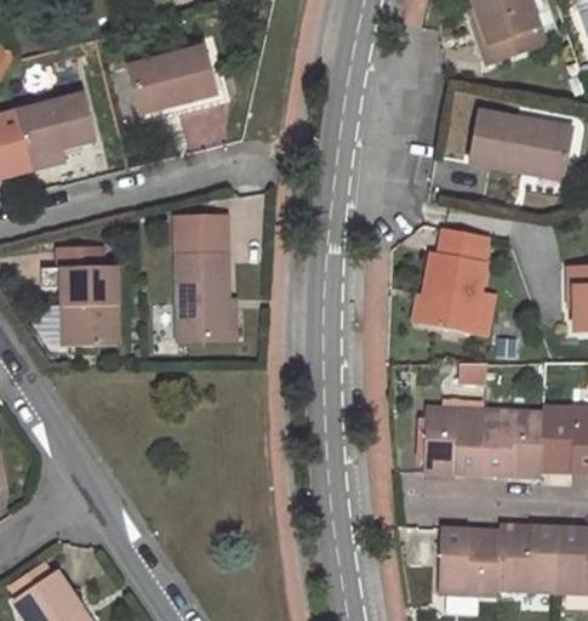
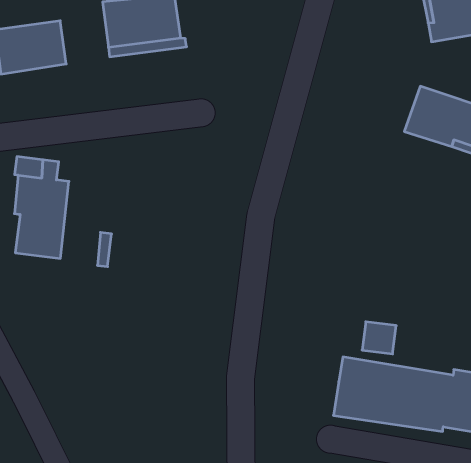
building: [178,211,229,336] -> none
building: [418,226,484,331] -> none

